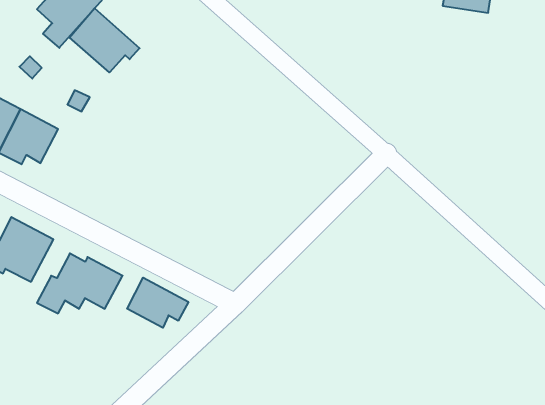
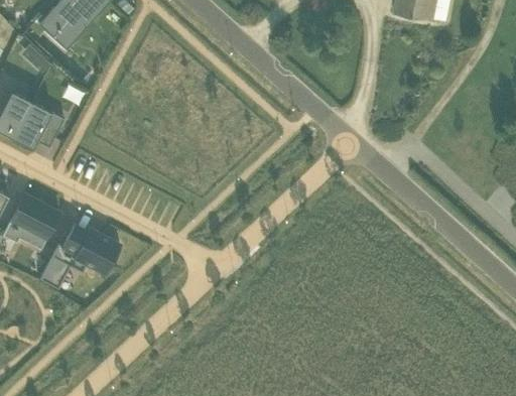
building: [69,8,140,72] -> none
building: [127,278,188,328] -> none

